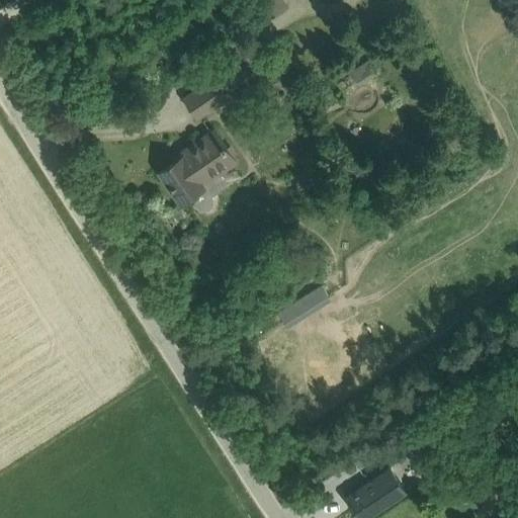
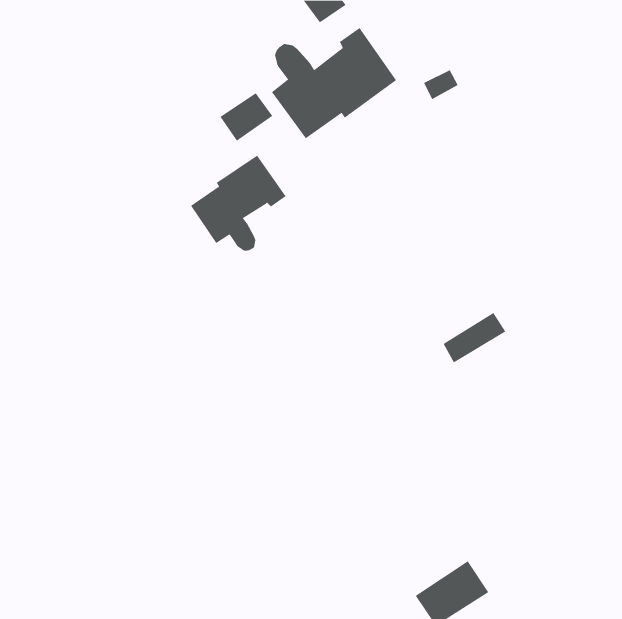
building: none -> [271,27,397,139]
building: [278,286,331,329] -> [443,312,506,363]

